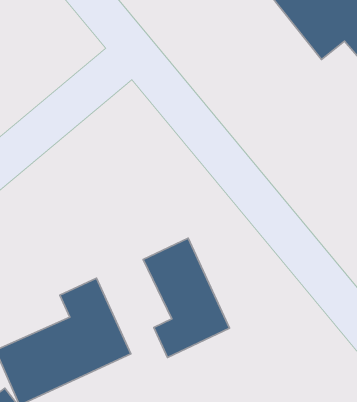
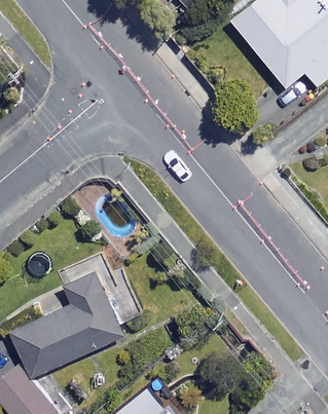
building: [143,238,230,357] -> none

